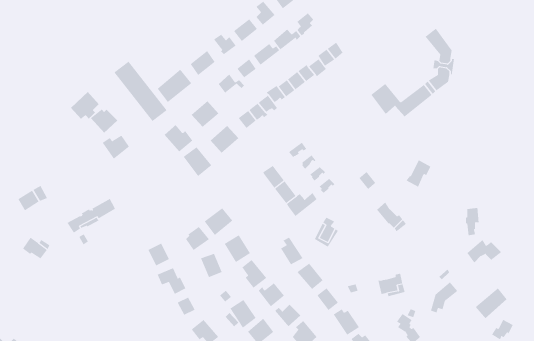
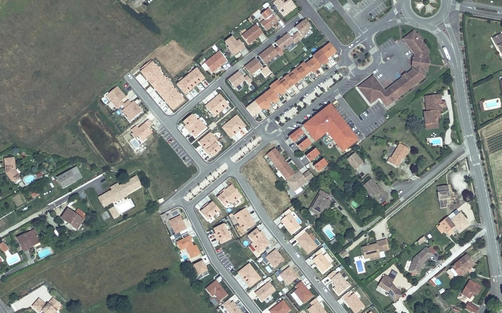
building: none -> [424,96,445,124]
building: none -> [304,104,358,151]

